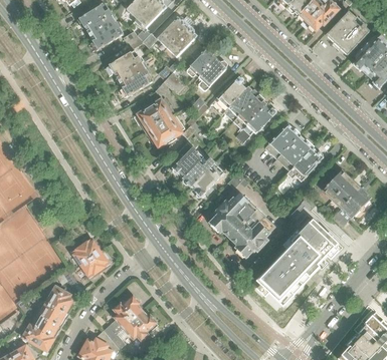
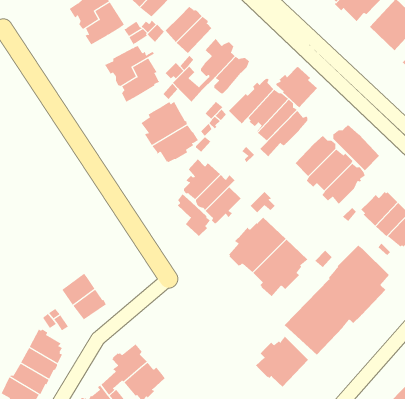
building: none -> [276,65,318,108]
building: none -> [333,124,380,171]
building: none -> [177,194,211,242]
building: none -> [255,336,309,388]

